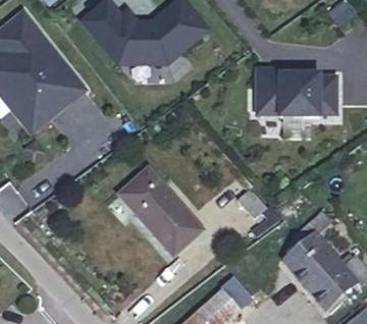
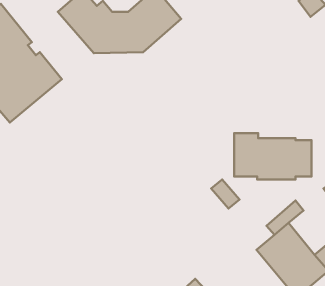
building: [257,67,335,114] -> [234,133,311,179]
building: [118,170,202,257] -> none

